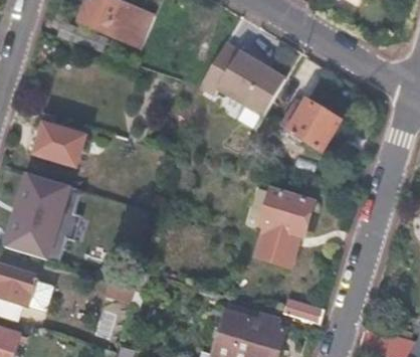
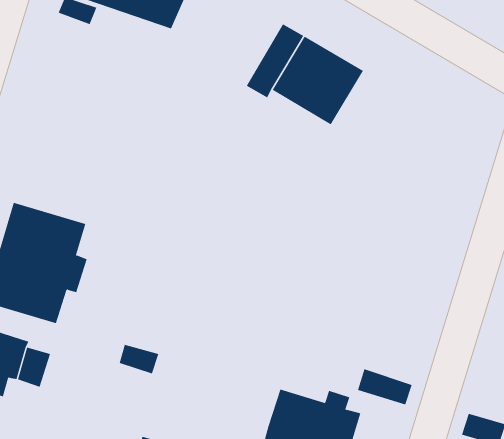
building: [286,98,341,150] -> none
building: [34,122,86,166] -> none
building: [254,189,309,265] -> none

